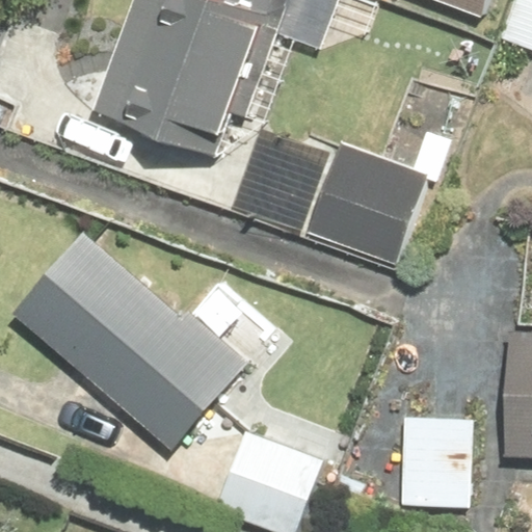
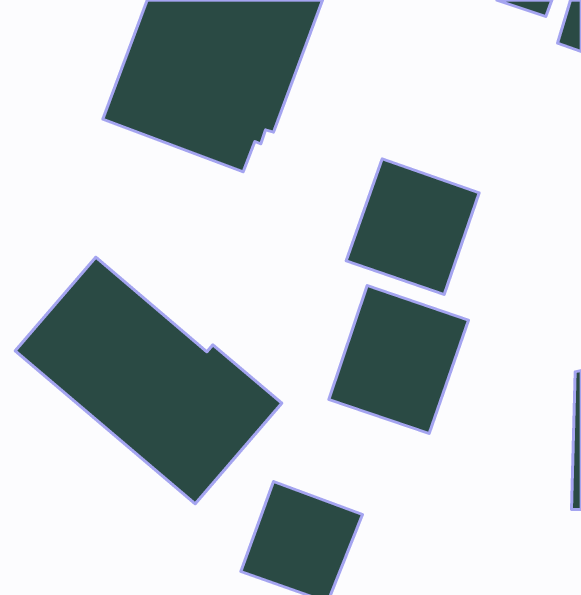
building: none -> [329,285,468,434]
building: [399,417,470,509] -> none

